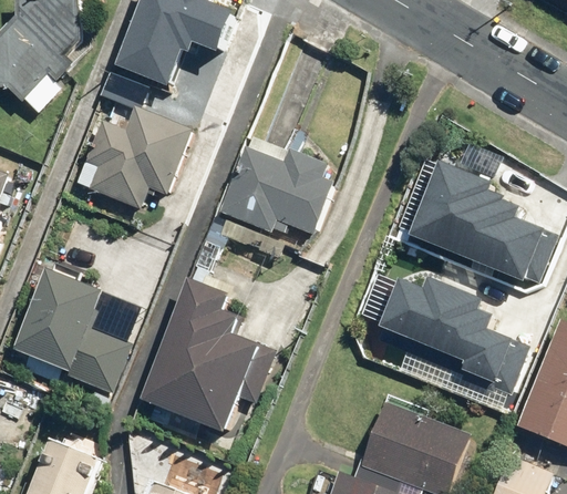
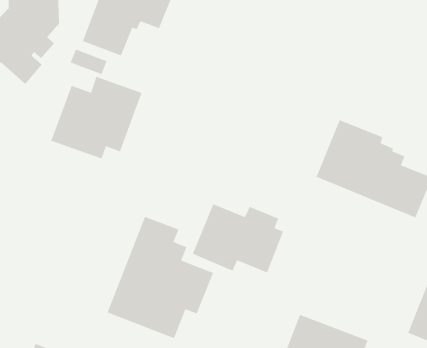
building: [220,147,337,236] -> [192,203,284,274]
building: [17,270,134,395] -> none
building: [377,274,524,390] -> none

